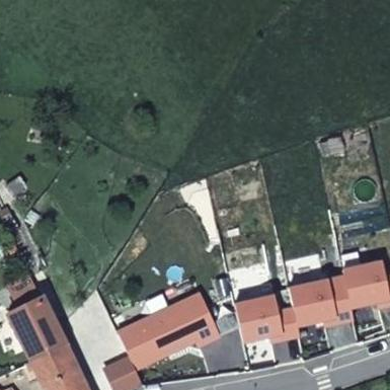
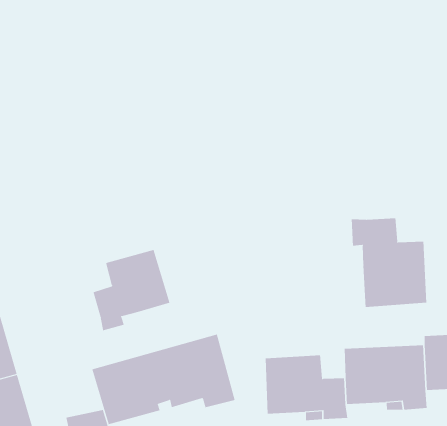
building: none -> [351,218,427,308]
building: none -> [93,249,170,331]

